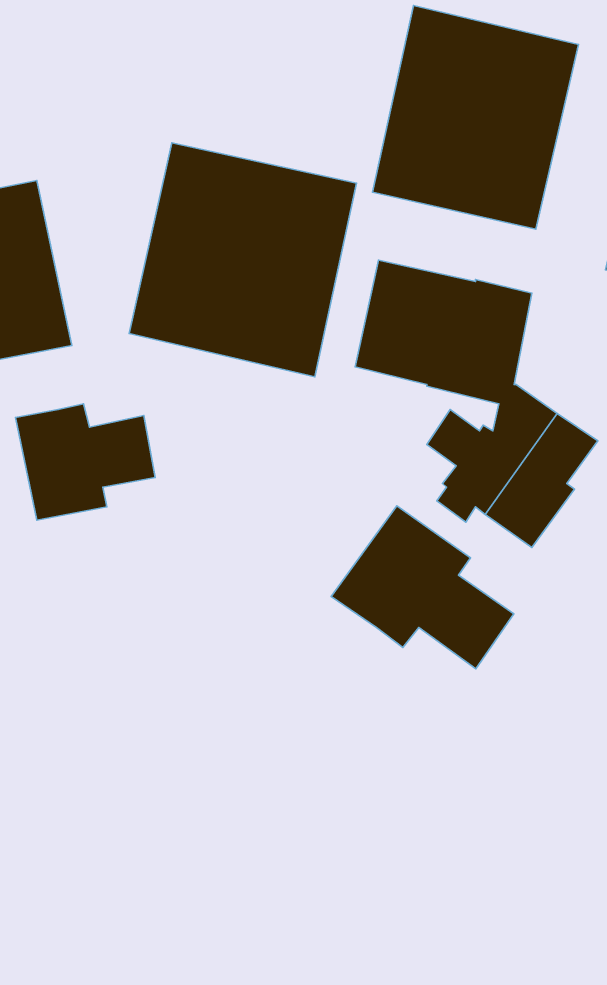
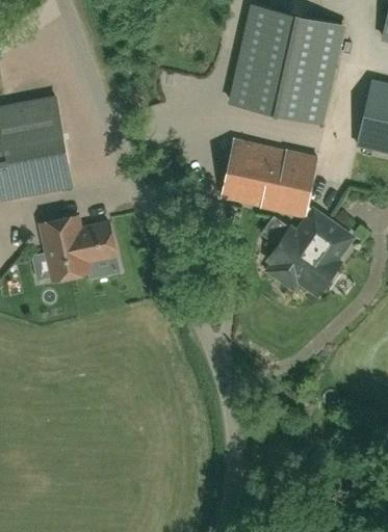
building: [129,143,356,377] -> none
building: [331,506,514,669] -> none

